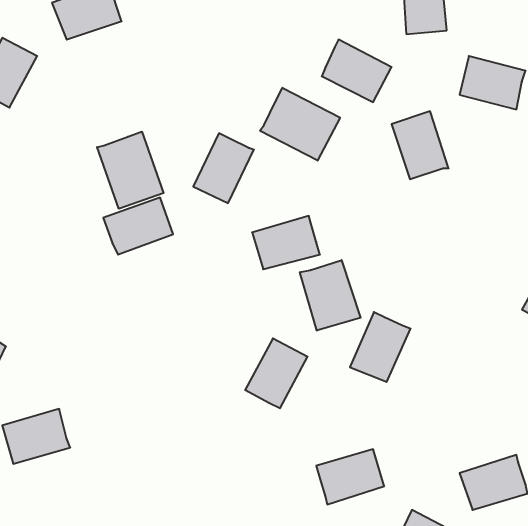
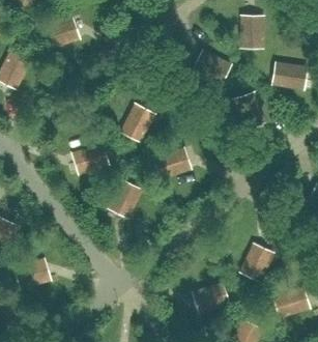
building: [260,88,340,161] -> none
building: [97,132,164,209] -> none
building: [300,260,361,331] -> none
building: [350,312,411,382] -> [238,243,272,282]
building: [245,338,308,408] -> [108,177,143,217]

